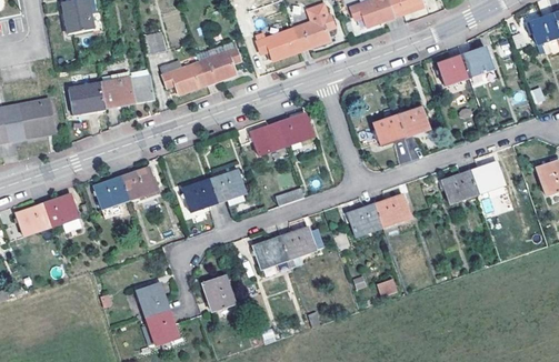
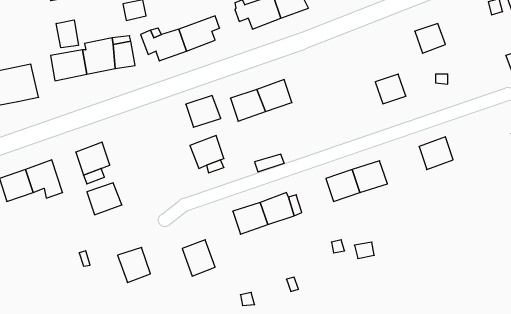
building: [461,47,493,77] -> none
building: none -> [56,20,78,48]
building: [373,114,406,145] -> none
building: [469,161,505,193] -> none
building: [121,167,157,199] -> [87,183,122,215]
building: [183,179,219,211] -> [186,96,221,127]
building: [147,309,179,344] -> none

